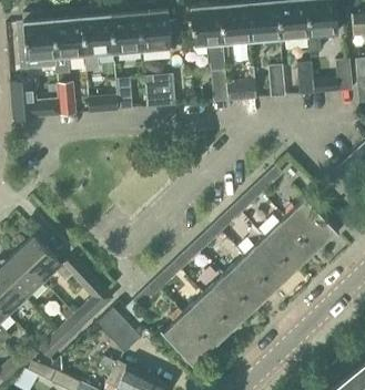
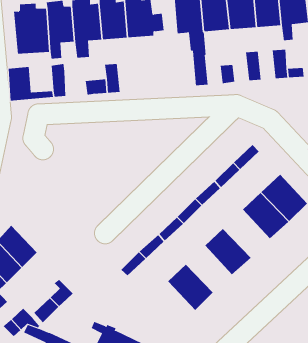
building: [144,74,174,109] -> none
building: [14,237,113,308] -> none
building: [244,237,295,289] -> none
building: [204,276,254,327] -> none
building: [98,308,141,353] -> none
building: [163,309,214,367] -> none

